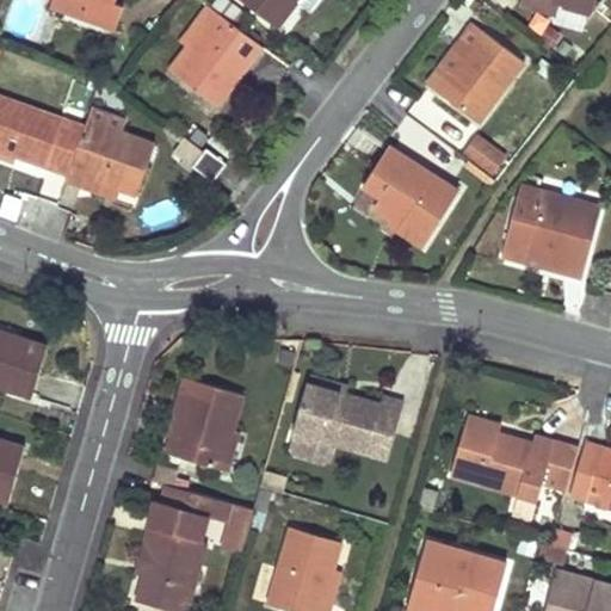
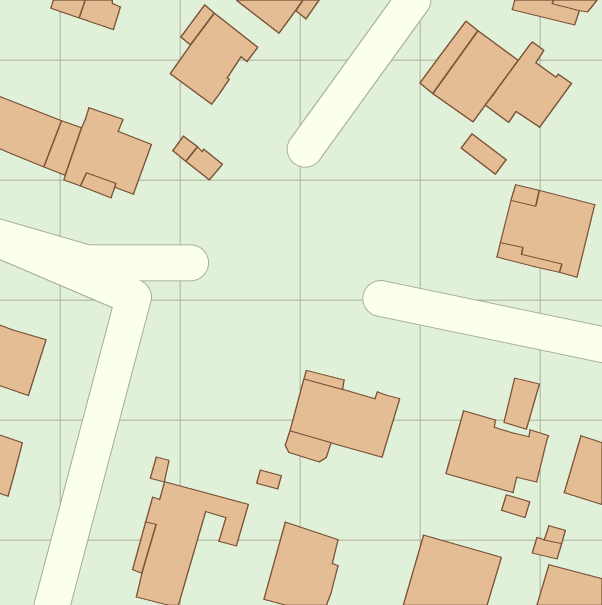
building: none -> [485,42,572,127]
building: [363,150,457,248] -> none
building: [166,378,243,470] -> none
building: [542,442,578,493] -> [504,378,539,429]

